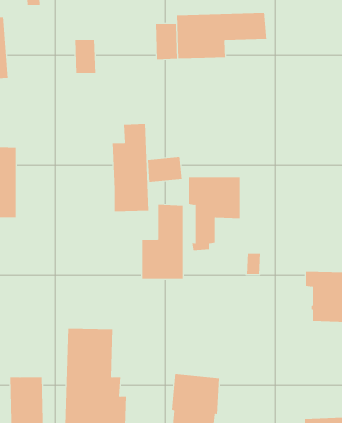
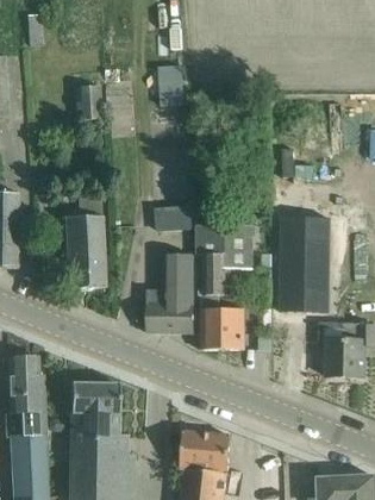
building: [177,12,267,59] -> none
building: [112,123,149,212] -> [65,196,105,289]
building: none -> [282,218,331,314]
building: none -> [202,301,244,350]
building: none -> [7,357,46,435]

